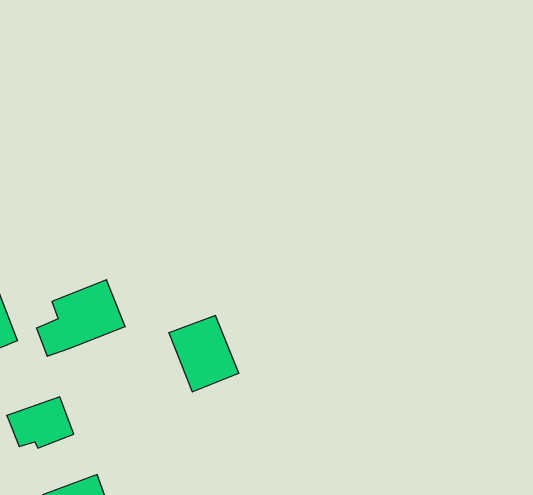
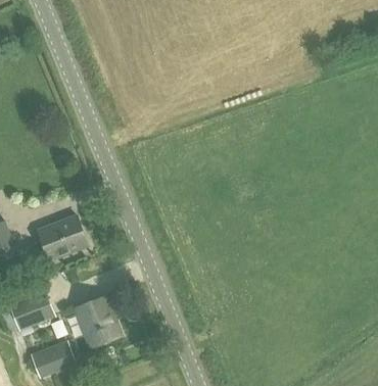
building: [169,316,239,392] -> [74,296,120,346]

